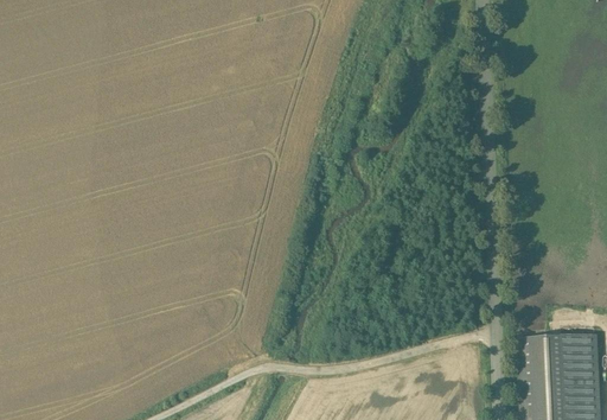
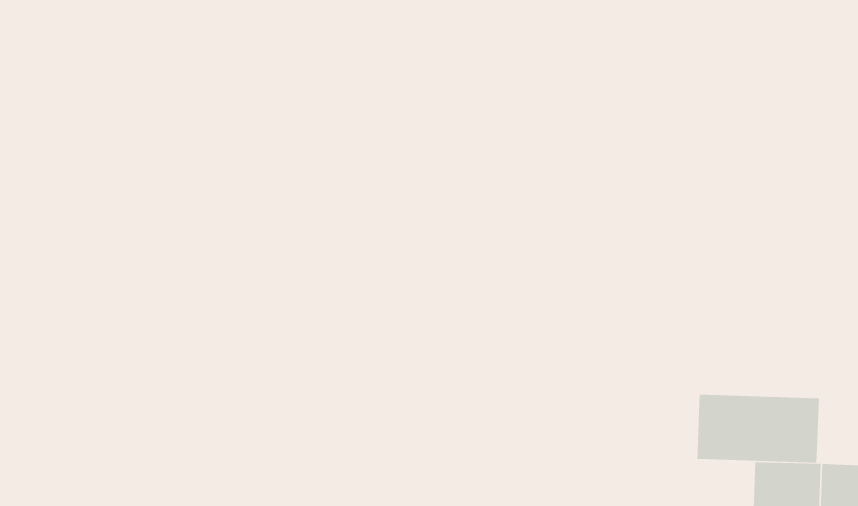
building: none -> [697,394,819,463]

